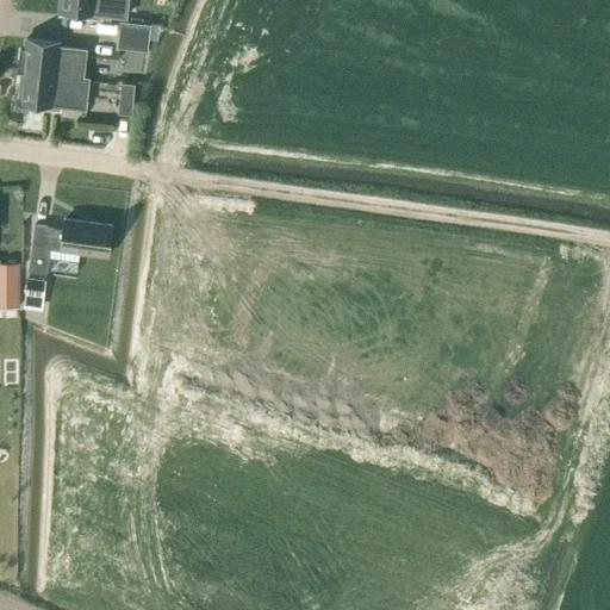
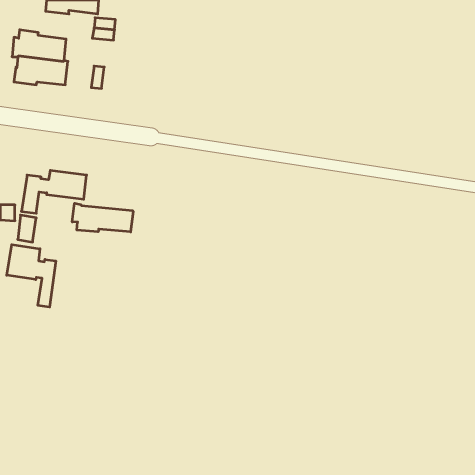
building: none -> [72,203,133,232]
building: none -> [7,245,56,307]

